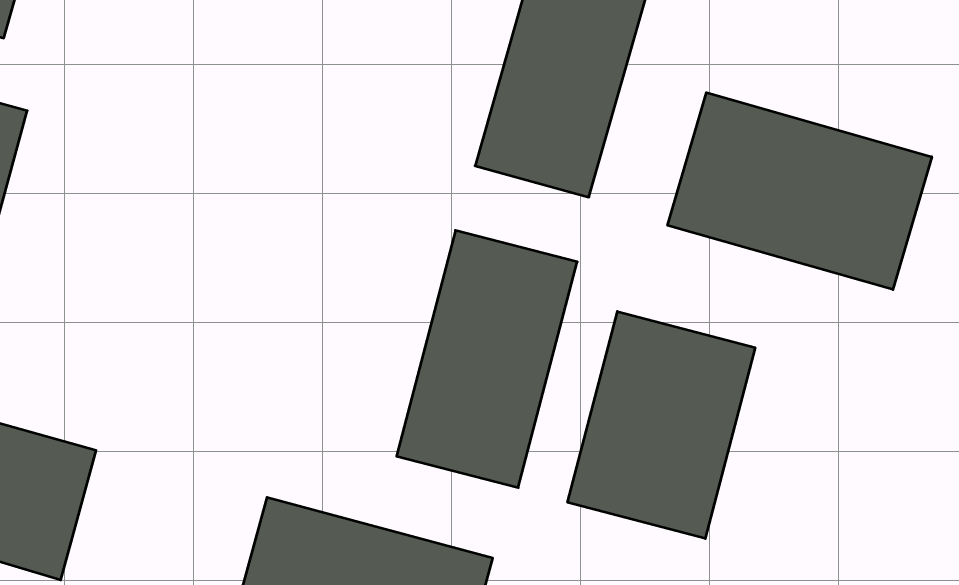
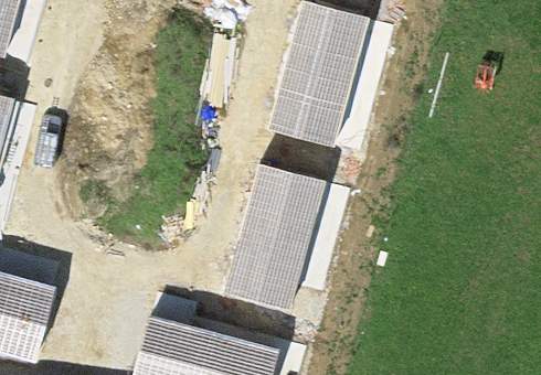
building: [668,93,932,290] -> none
building: [568,311,755,539] -> none

